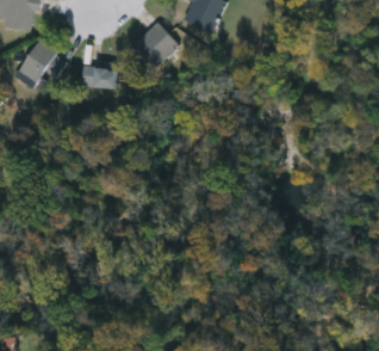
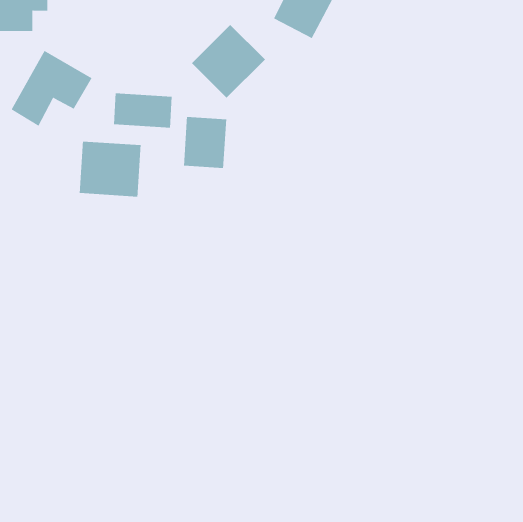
building: none -> [183,116,227,169]
building: none -> [79,141,141,197]

